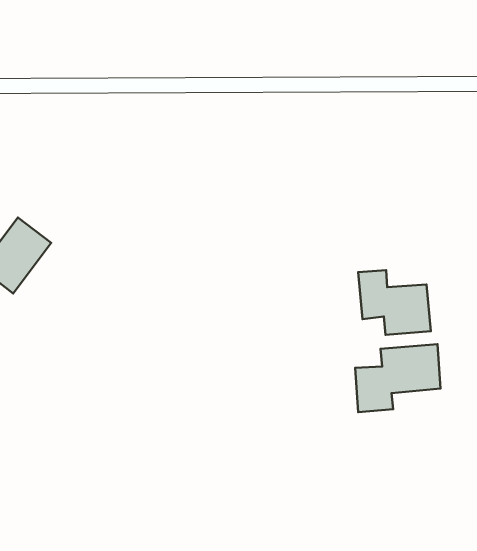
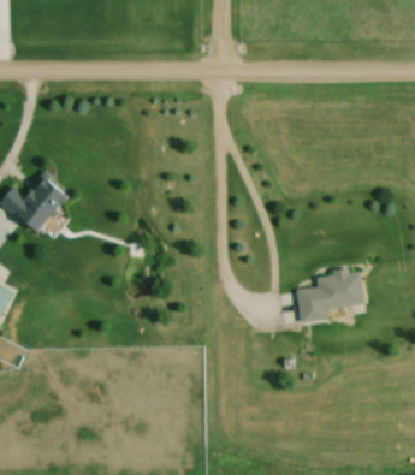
building: [358,270,431,335] -> none

